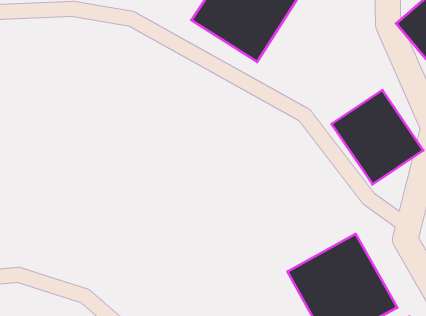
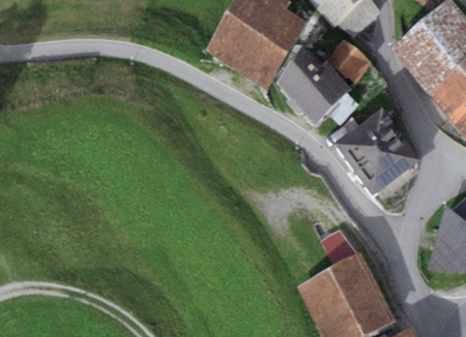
building: none -> [328,39,371,81]
building: none -> [275,59,351,129]

